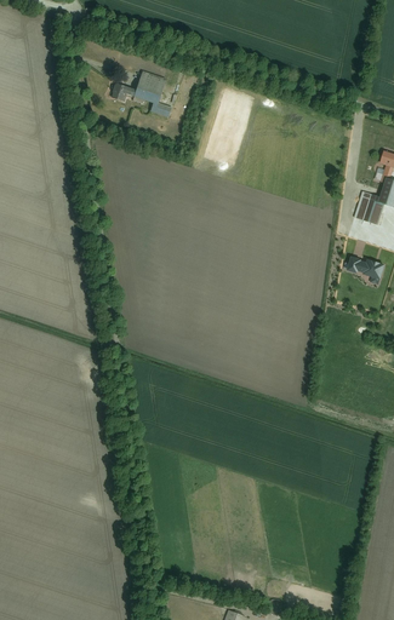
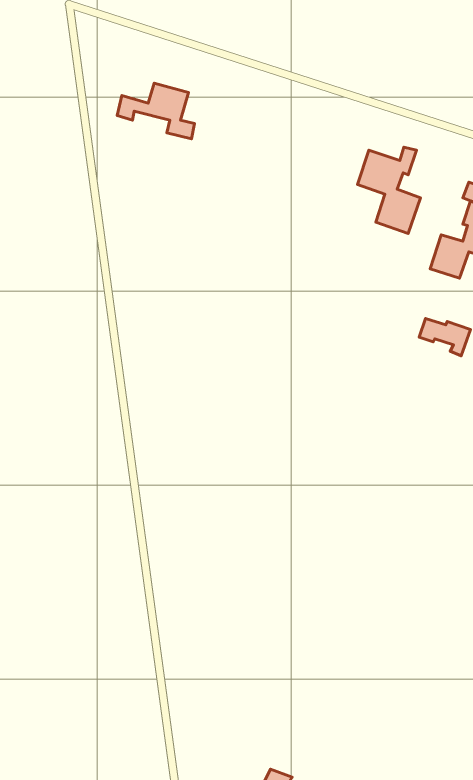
building: none -> [358,147,421,234]

